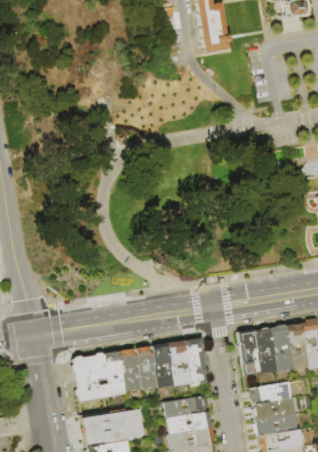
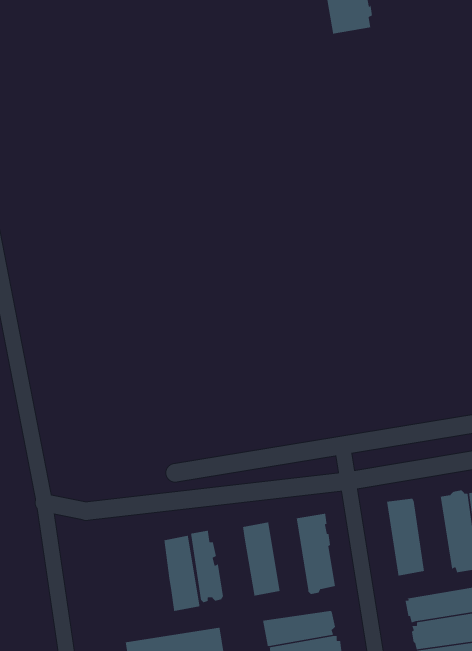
building: [255,328,277,374] -> none
building: [168,341,191,386] -> none
building: [136,345,156,389] -> none
building: [72,353,111,402] -> none

